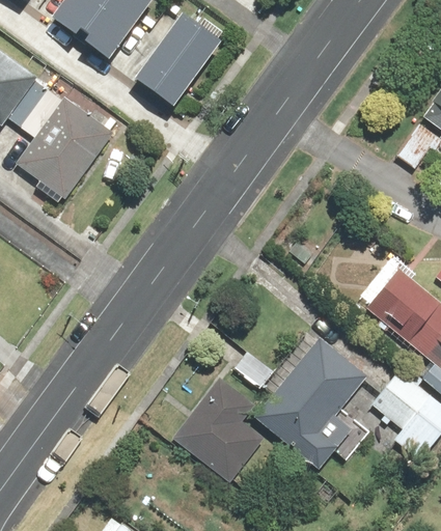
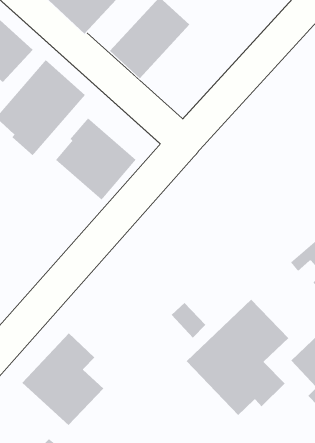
building: none -> [55,117,136,200]
building: [172,379,265,482] -> [22,333,104,426]

